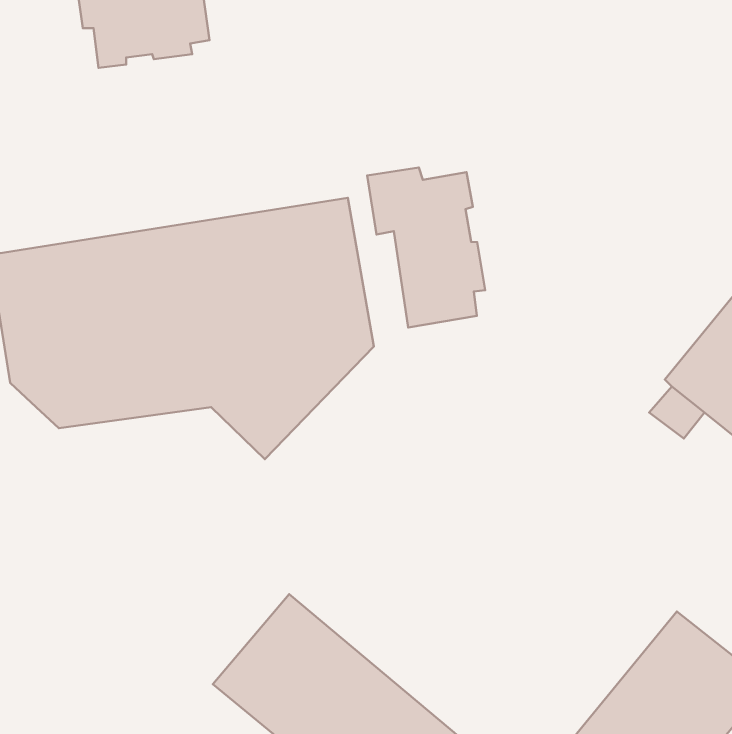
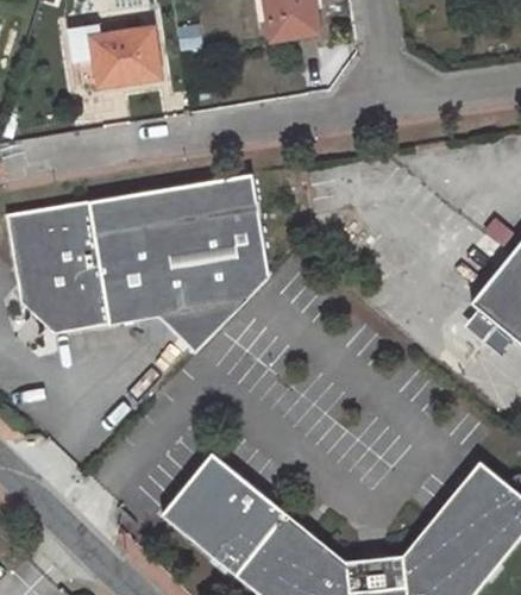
building: [367,167,485,328] -> none

